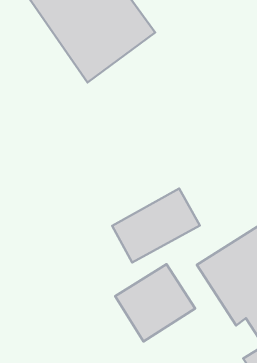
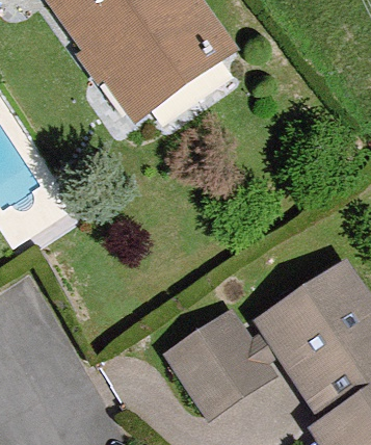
building: [112,189,200,262] -> none

